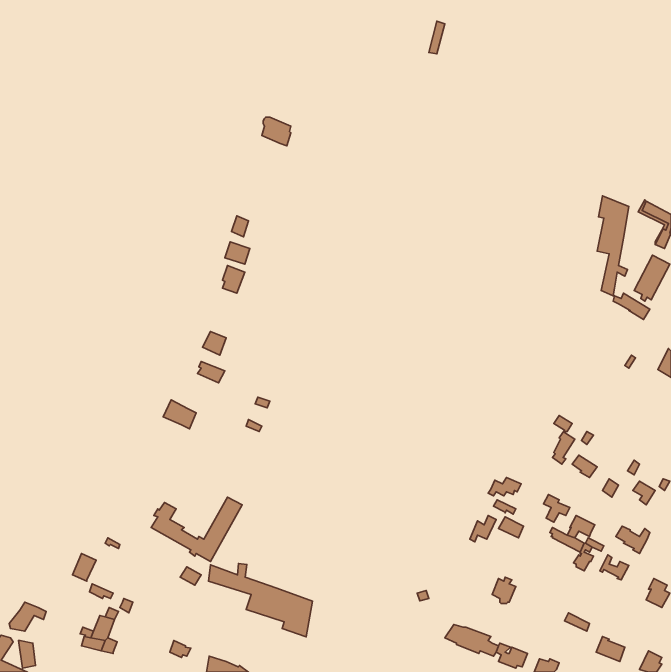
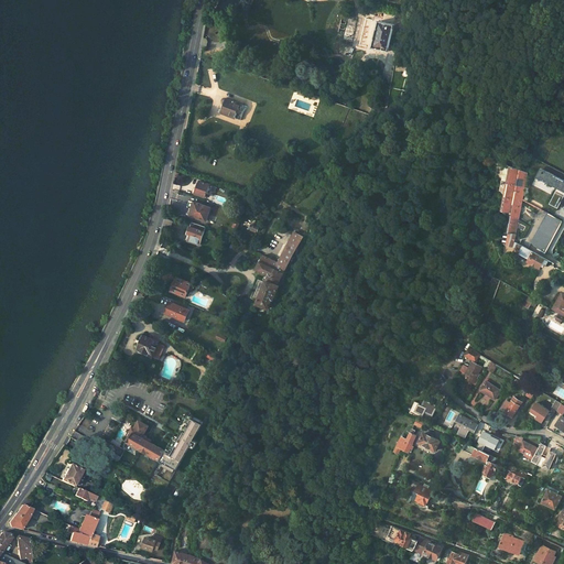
building: none -> [371,21,394,51]
building: none -> [254,232,303,308]
building: [208,564,312,637] -> none

